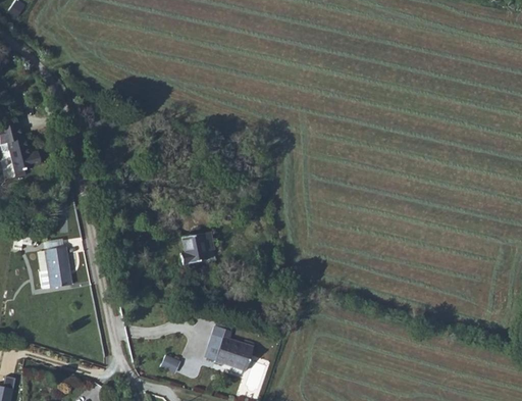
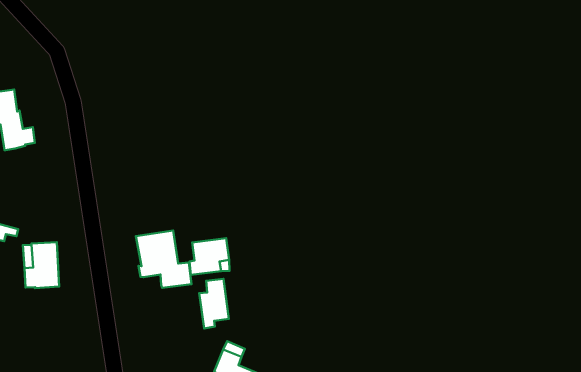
building: none -> [136,231,192,288]
building: none -> [199,279,229,328]

